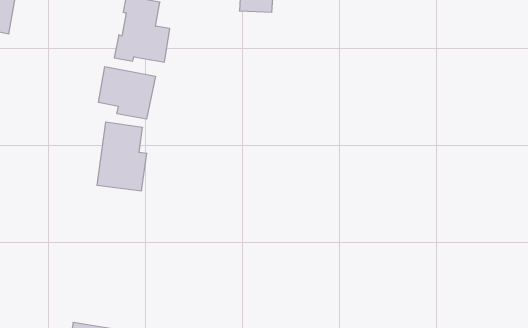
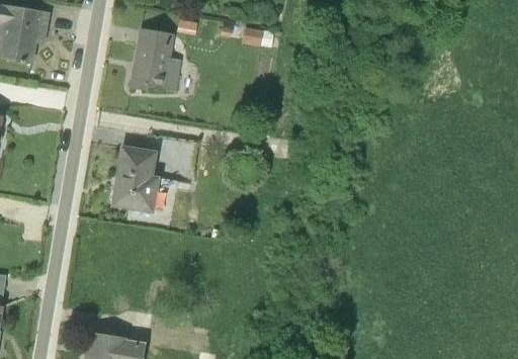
building: [98,67,155,119] -> none

